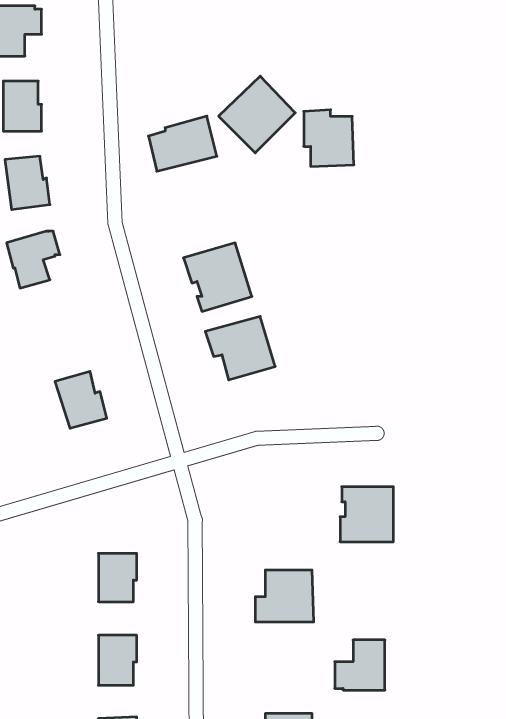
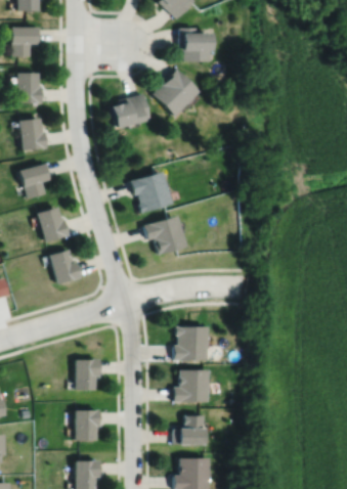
building: [304,110,354,166] -> [178,27,209,61]
building: none -> [38,207,70,242]
building: [340,487,393,542] -> [174,327,207,361]
building: [335,640,385,690] -> [173,416,204,447]

